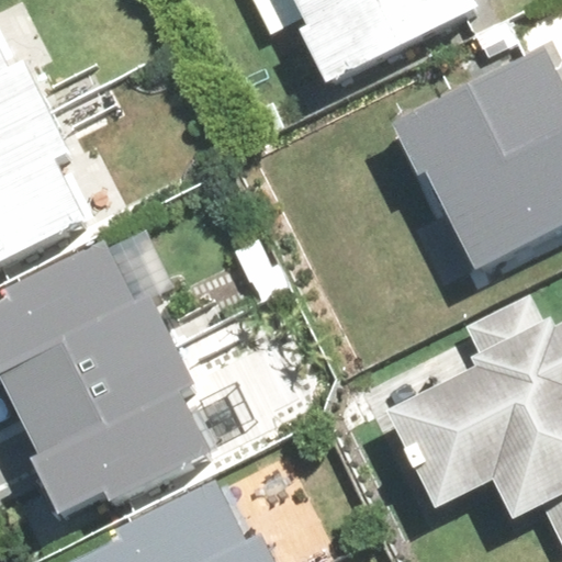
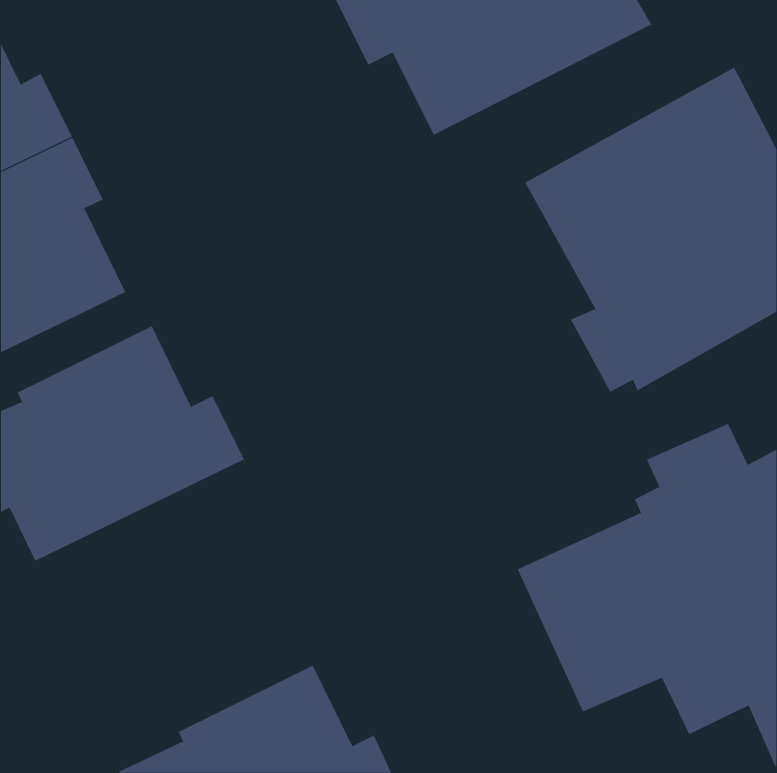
building: [25,331,214,507] -> none

